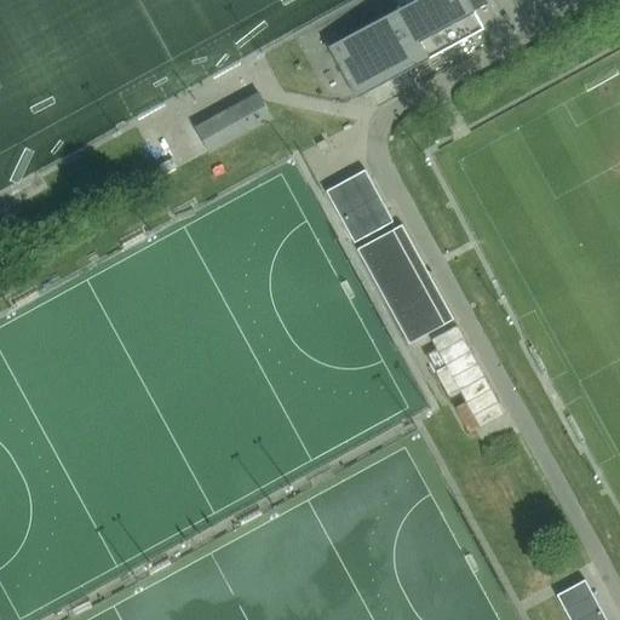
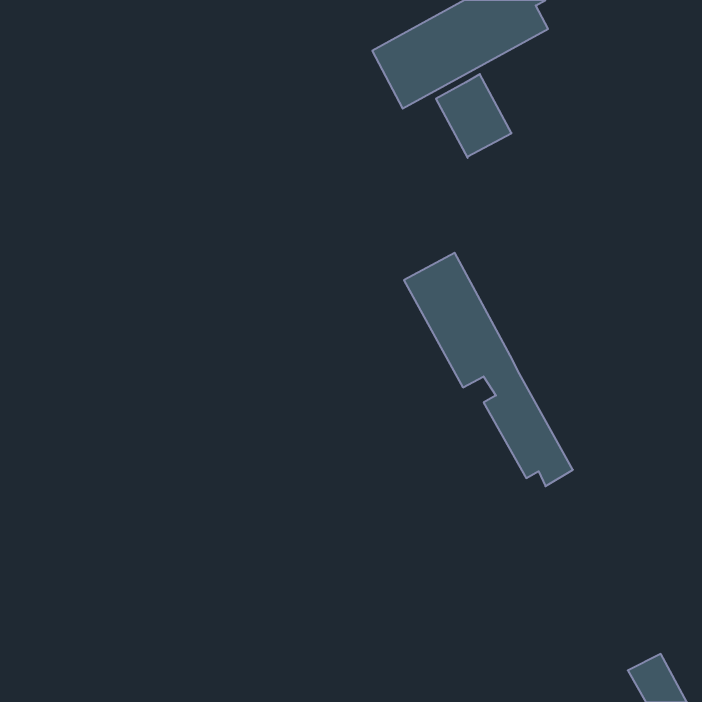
building: [195,91,271,150] -> none
building: [326,170,392,243] -> [436,74,512,158]

